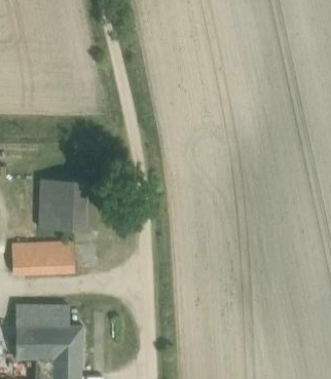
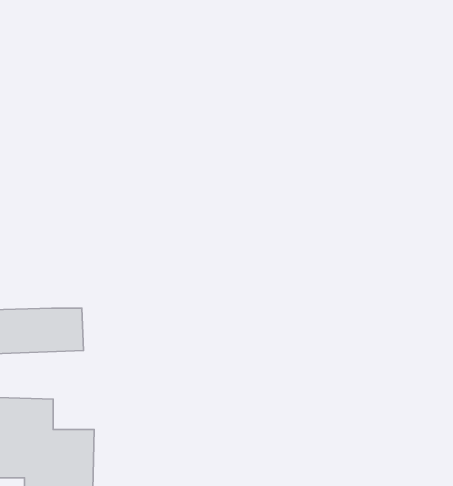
building: [37,180,87,230] -> none

